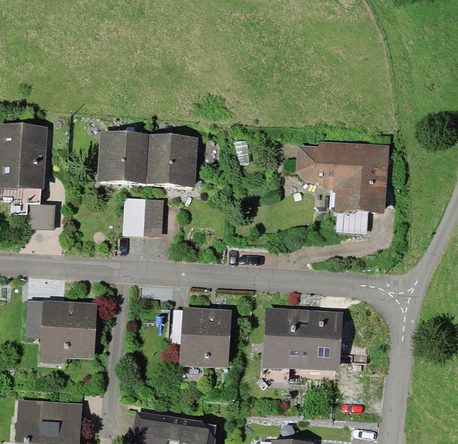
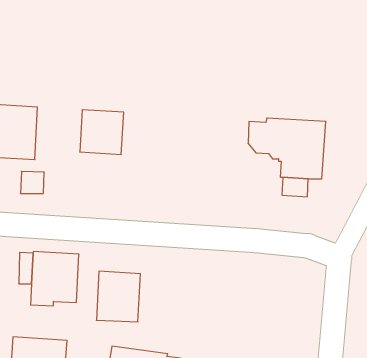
building: [146,134,197,186] -> none
building: [122,198,162,237] -> none
building: [179,307,231,367] -> [96,271,140,322]
building: [262,308,342,371] -> none

